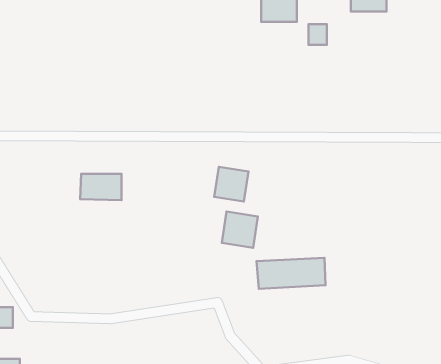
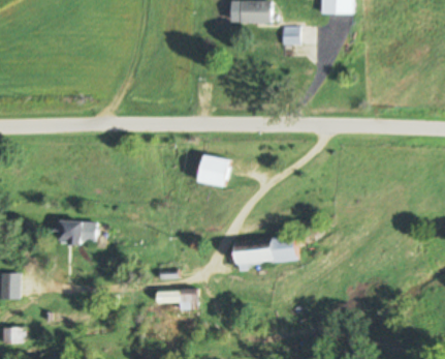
building: [80,174,121,200] -> [58,220,95,244]
building: [222,212,258,248] -> none
building: none -> [158,291,196,309]

